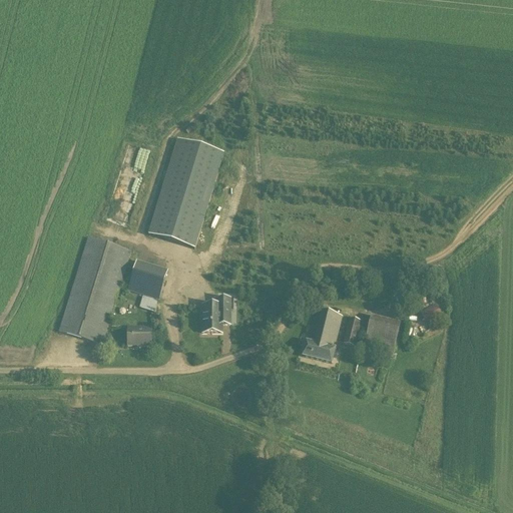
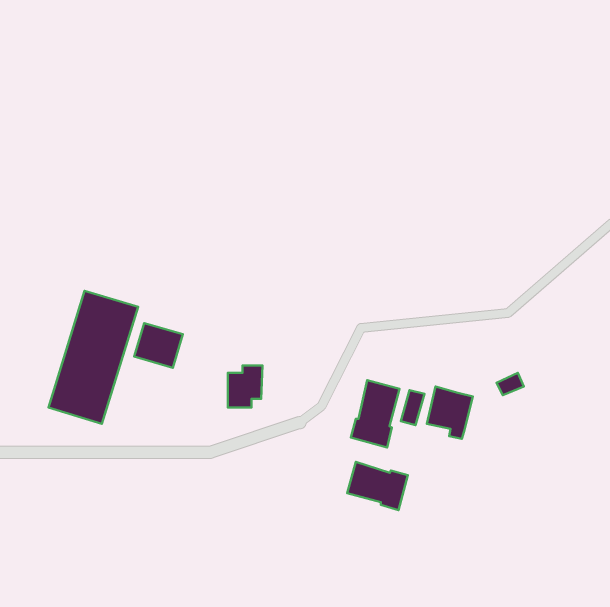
building: [148,135,223,245] -> none
building: [128,325,151,344] -> none
building: none -> [347,462,408,510]

